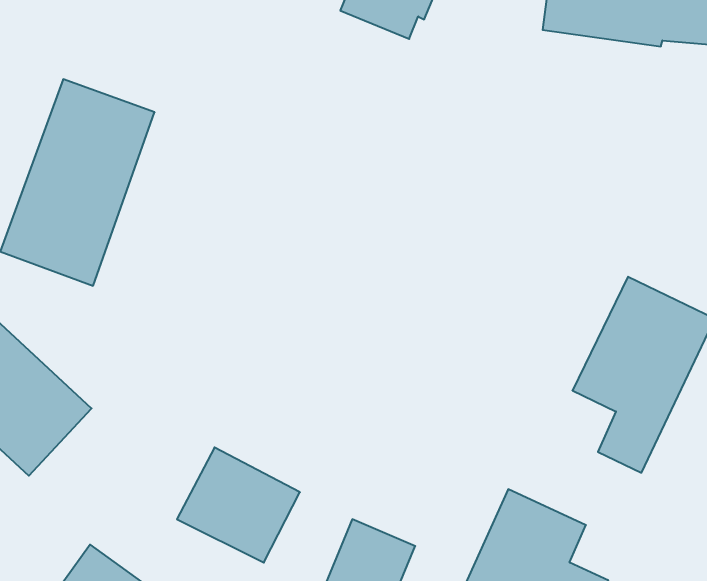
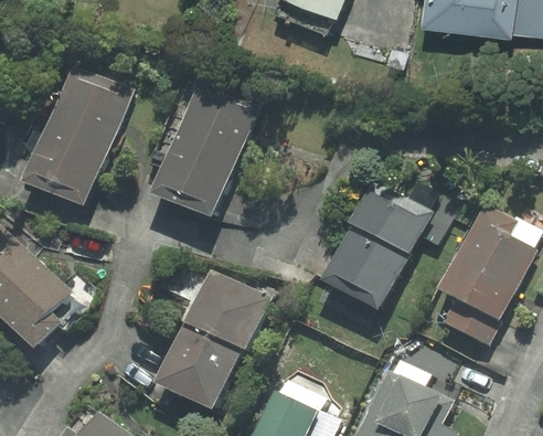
building: none -> [148,76,264,223]
building: none -> [318,171,434,313]
building: none -> [181,269,273,357]

